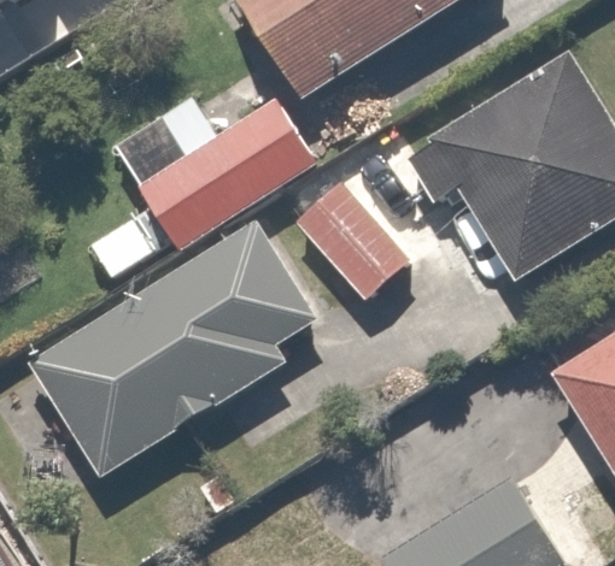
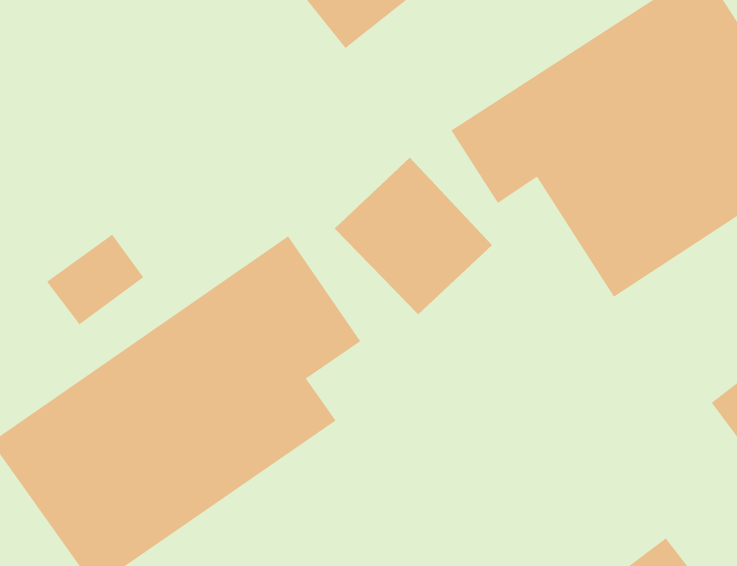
building: [131,111,326,266] -> none

